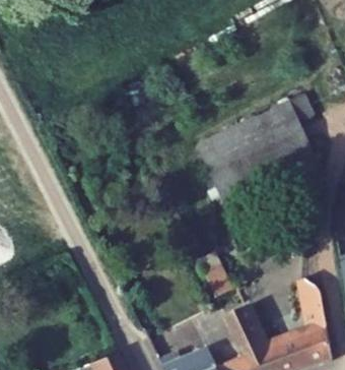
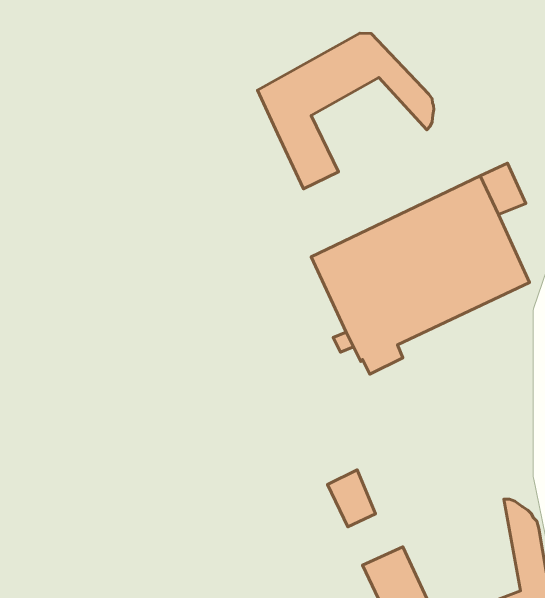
building: none -> [257,33,434,189]

